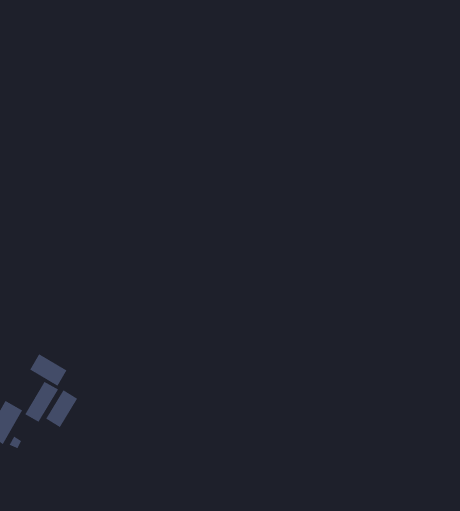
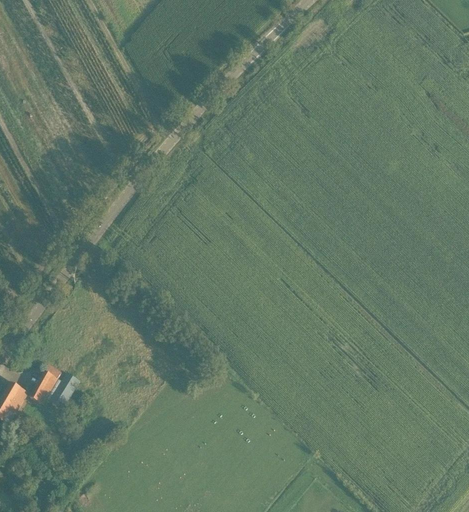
building: [29,353,67,387] -> none

